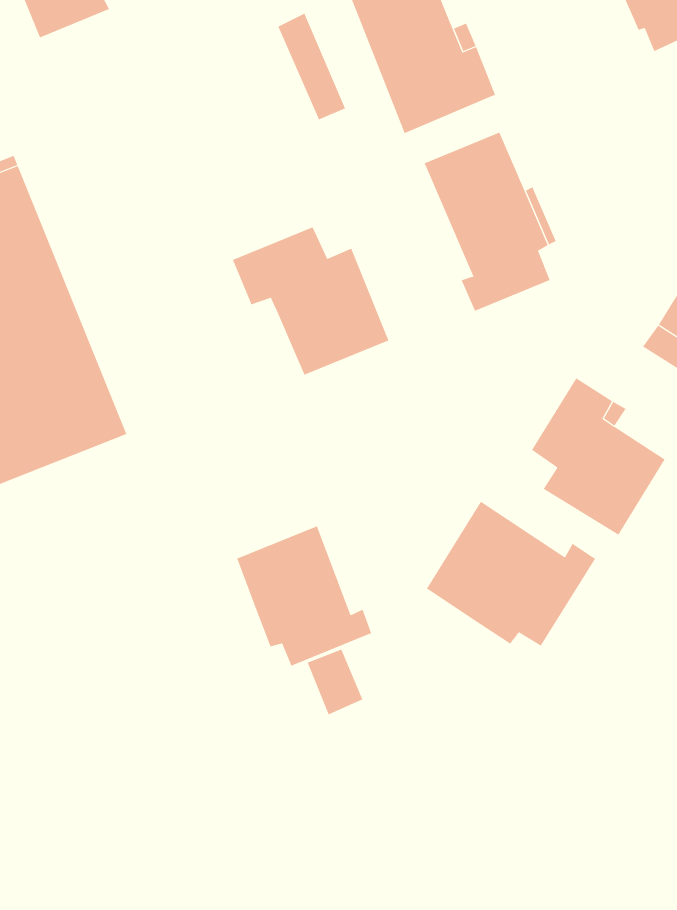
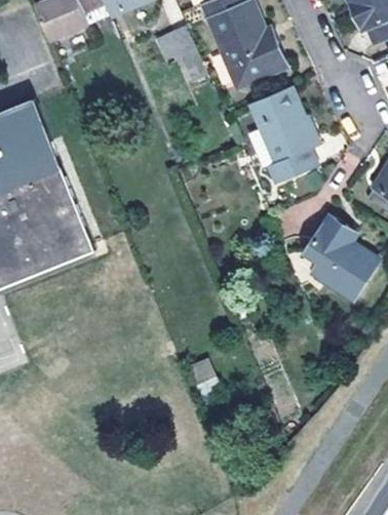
building: [232,227,389,375] -> none
building: [426,501,596,647] -> none
building: [236,525,372,666] -> none

